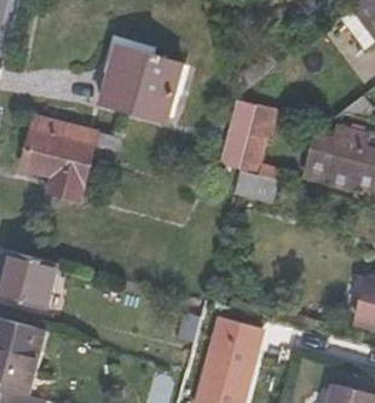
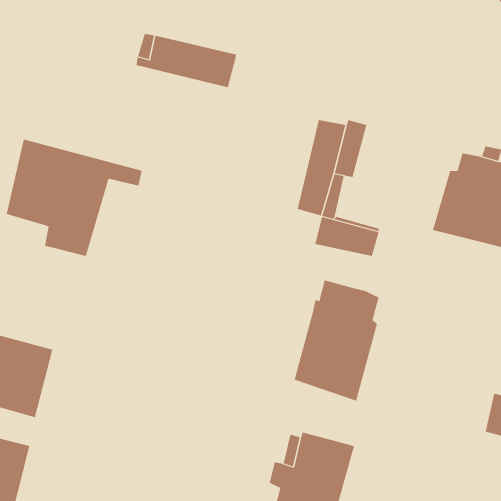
building: [103,67,175,120] -> none
building: none -> [294,279,379,401]

